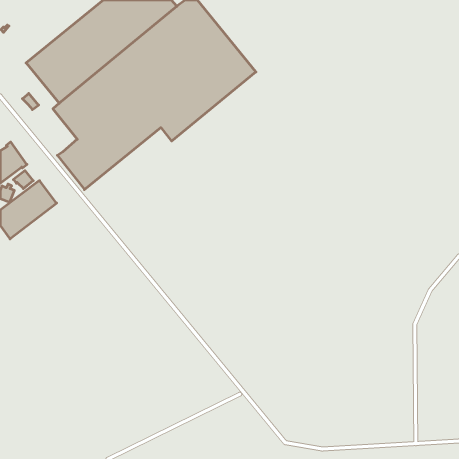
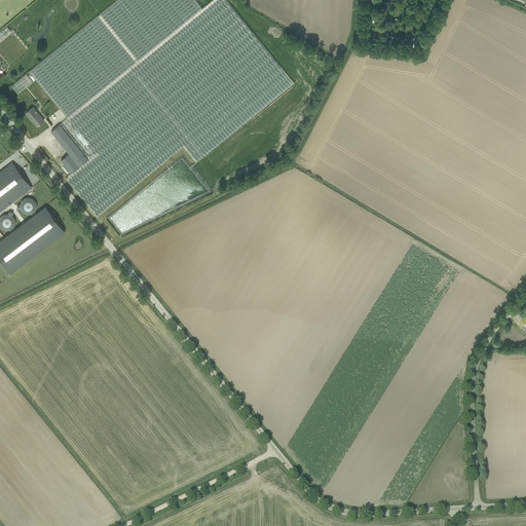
building: none -> [51,124,88,174]

